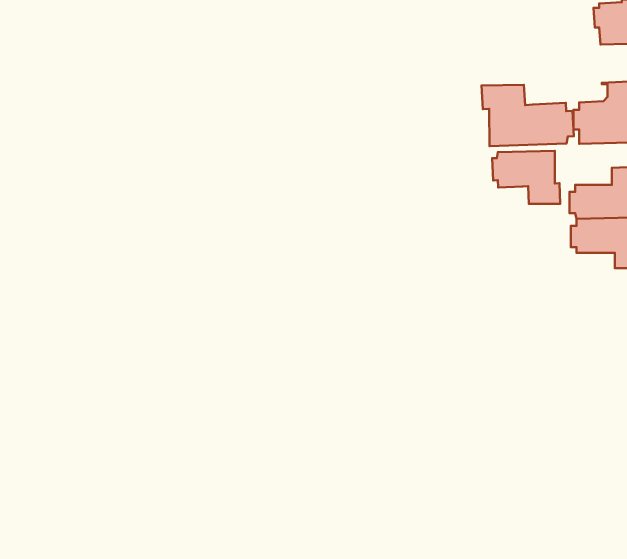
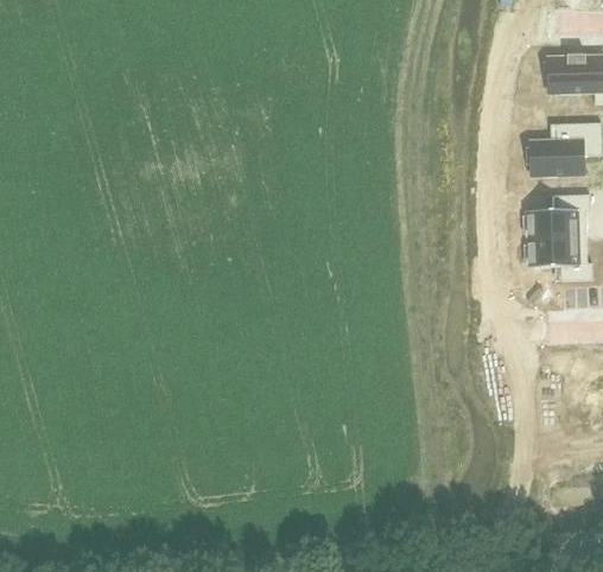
building: [481,85,574,146] -> none
building: [492,151,560,204] -> none

